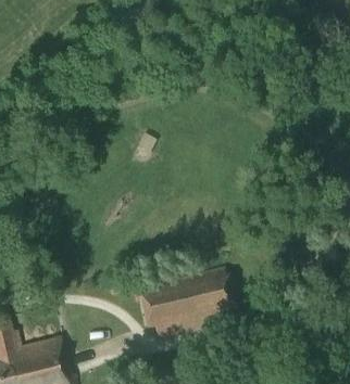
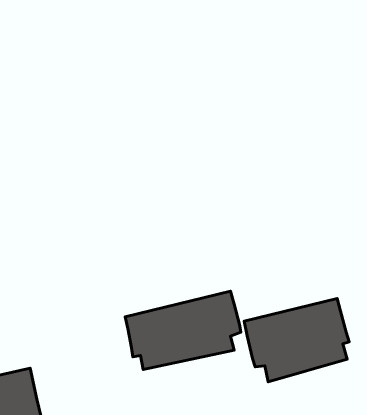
building: none -> [244,298,349,382]

